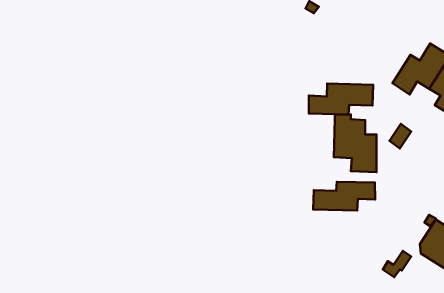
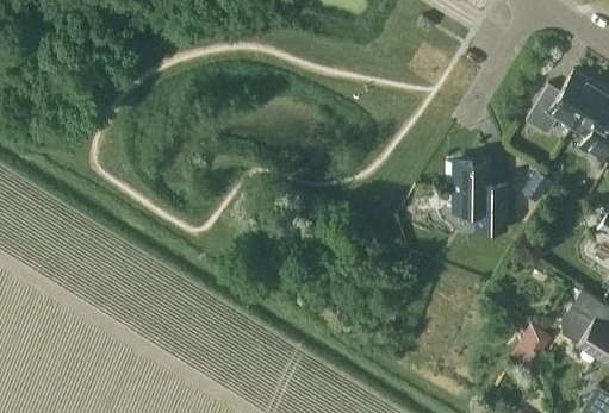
building: [309,84,373,115] -> none
building: [313,182,375,211] -> none

